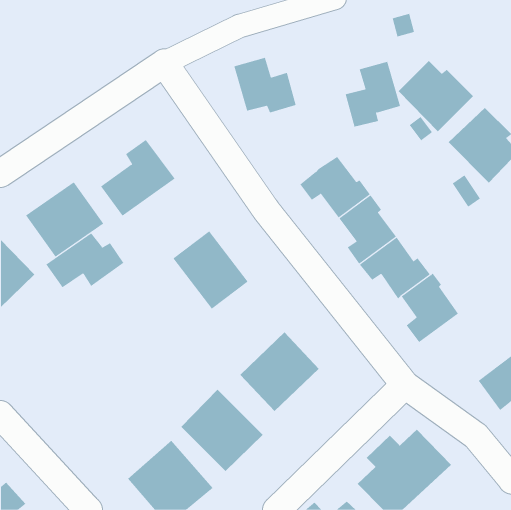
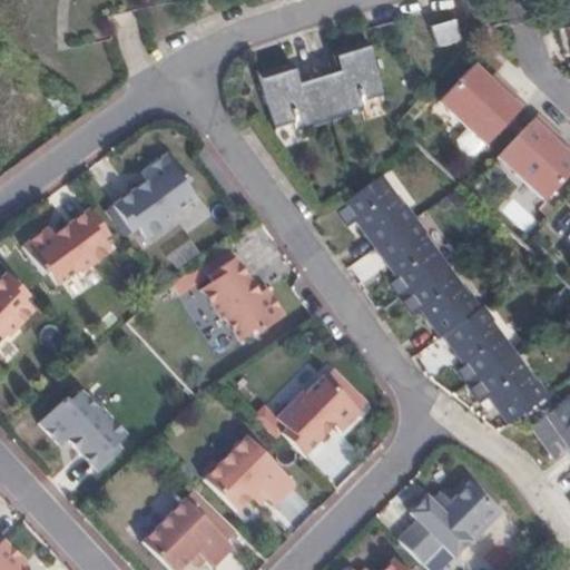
building: [345,61,401,127] -> [321,43,383,117]
building: [45,232,124,288] -> none
building: none -> [466,348,548,419]
building: none -> [41,387,129,476]

